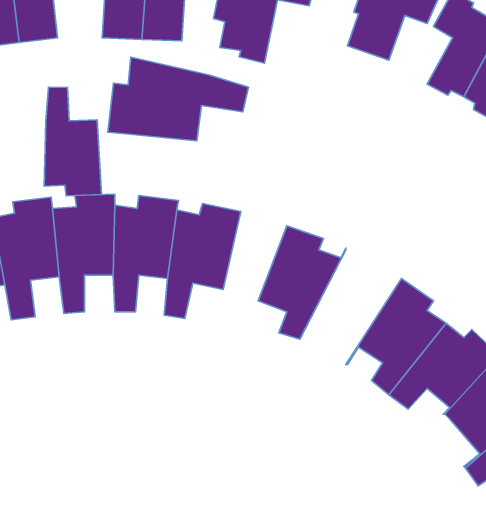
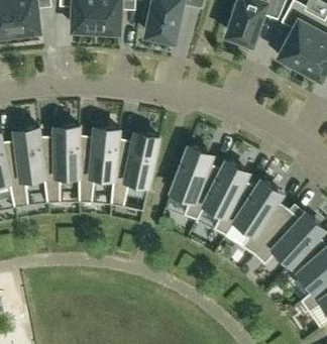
building: [108,57,249,141] -> none
building: [44,87,101,196] -> none
building: none -> [196,162,260,235]

